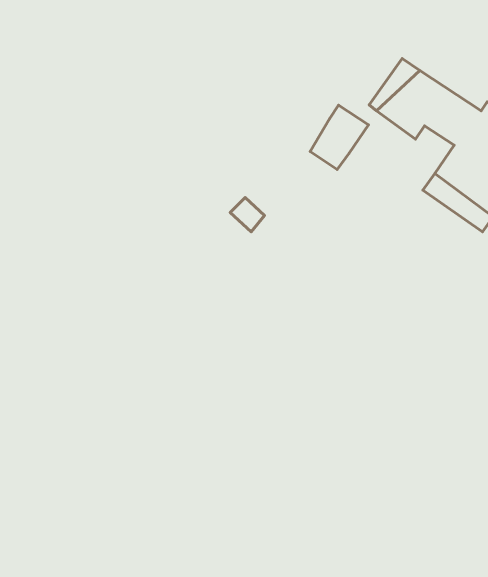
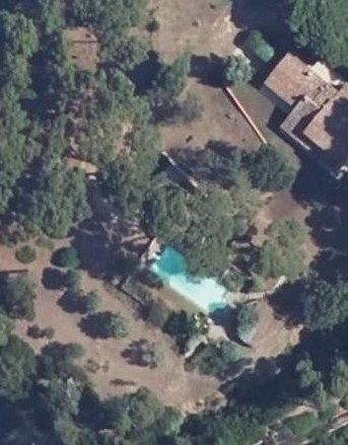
building: [310,105,368,169] -> [282,98,322,142]

